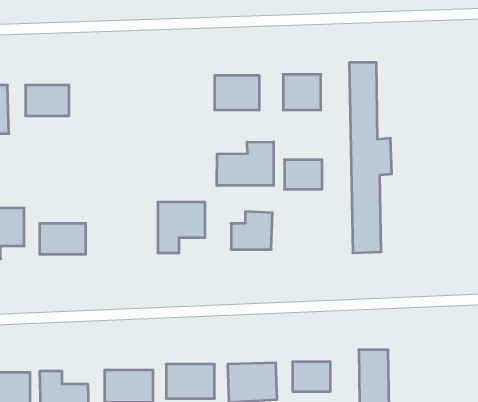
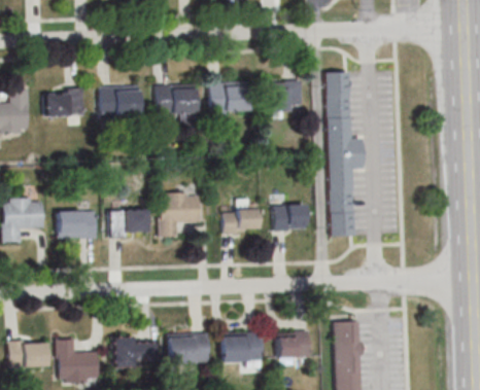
building: none -> [156,85,196,116]
building: none -> [99,86,140,116]
building: [217,142,274,186] -> none
building: [284,160,322,189] -> [274,206,307,232]
building: none -> [110,210,149,237]

